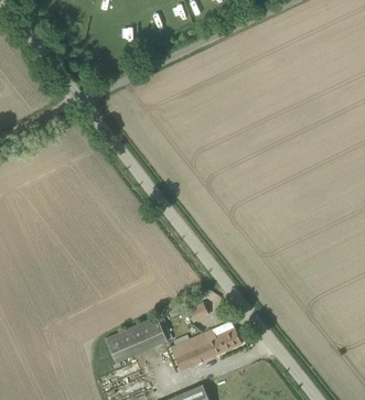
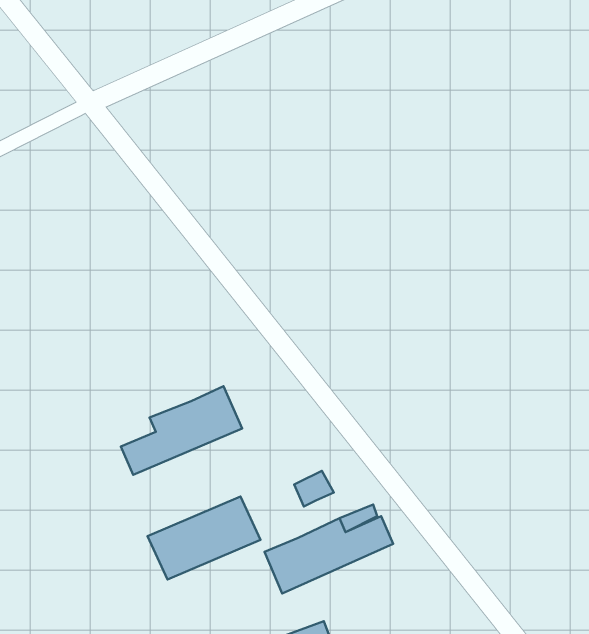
building: none -> [121,386,242,475]

